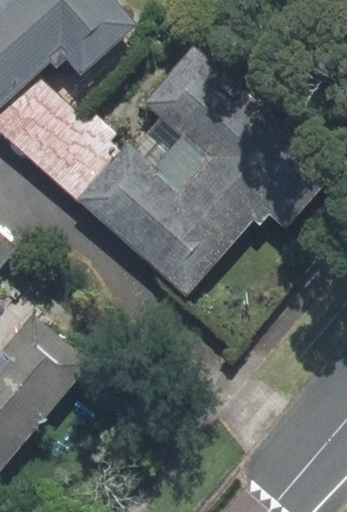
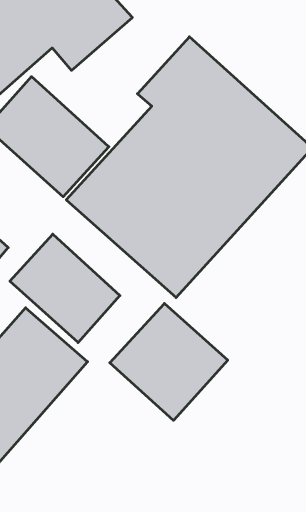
building: none -> [10,234,120,343]
building: none -> [110,303,228,420]

